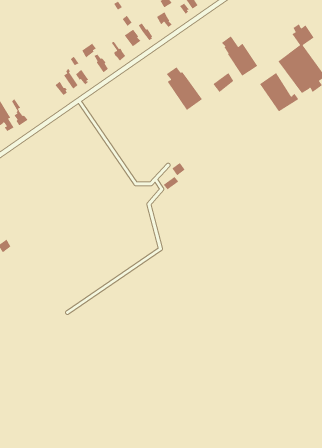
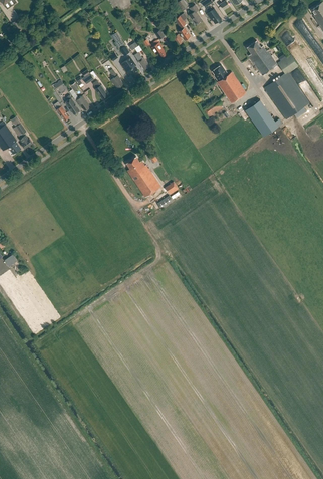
building: none -> [246,40,276,75]
building: [166,67,203,111] -> [126,156,160,197]

